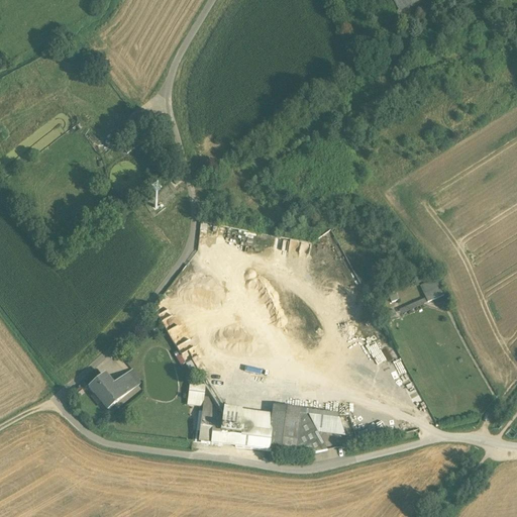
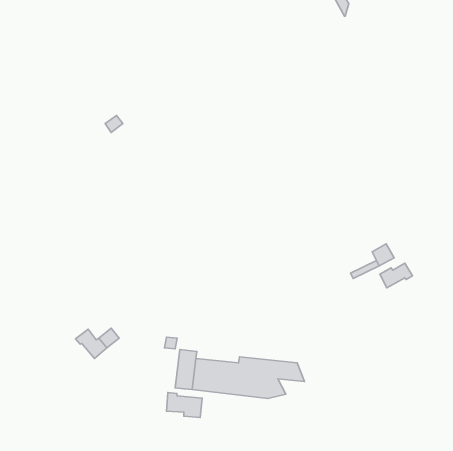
building: none -> [380,263,412,288]
building: none -> [166,392,202,418]

